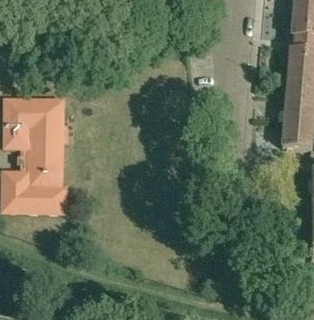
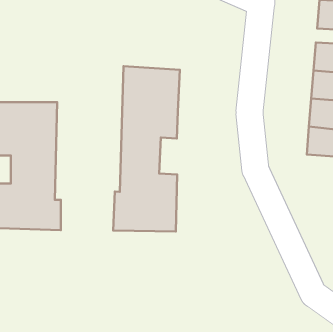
building: none -> [113,66,180,232]

